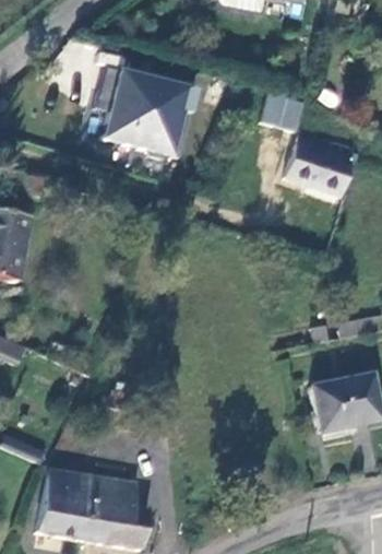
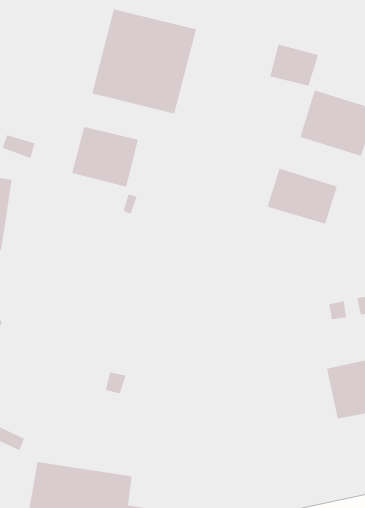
building: none -> [72,126,139,188]
building: none -> [267,168,338,225]

